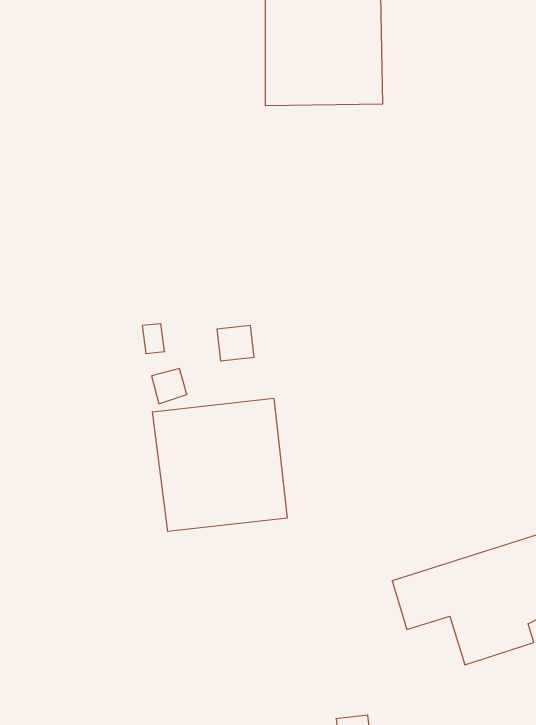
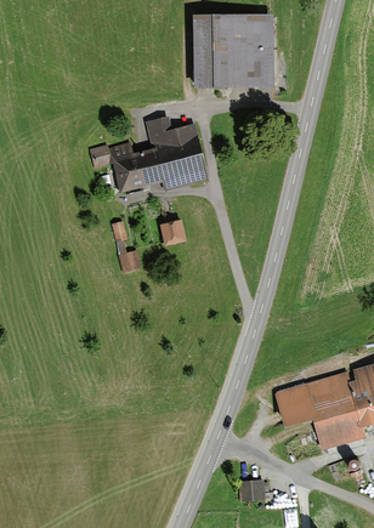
building: none -> [90,120,210,198]
building: [153,398,287,531] -> none

